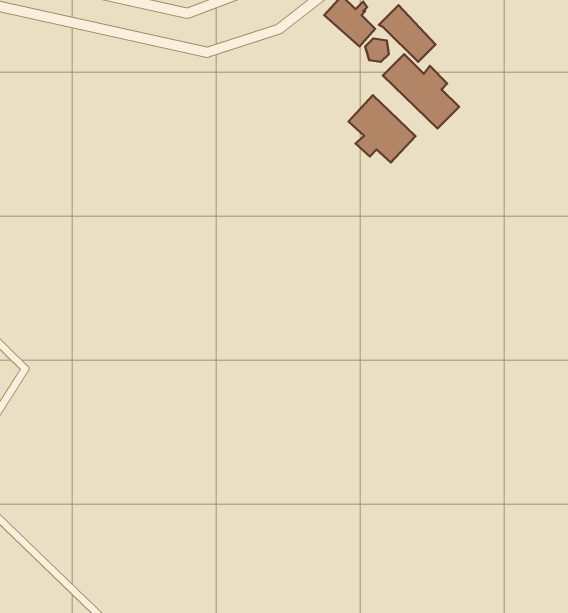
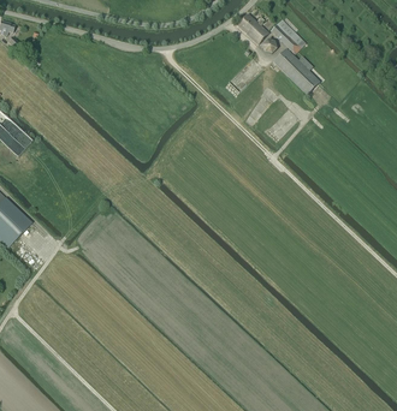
building: [348,95,415,162] -> none

